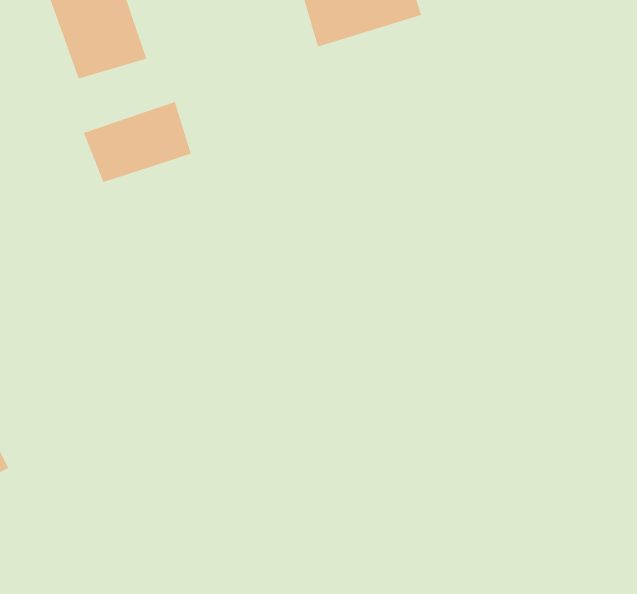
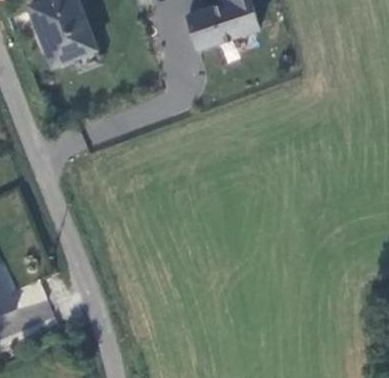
building: [83,101,192,183] -> none

